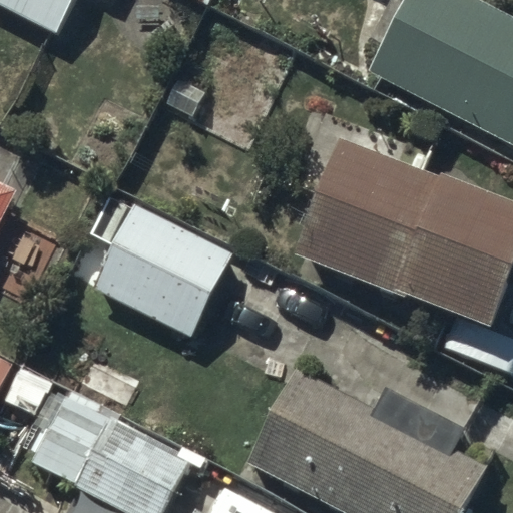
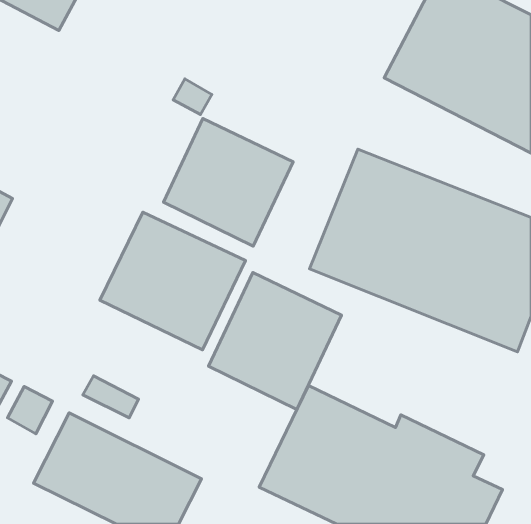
building: none -> [164,119,293,246]
building: none -> [209,273,342,409]

